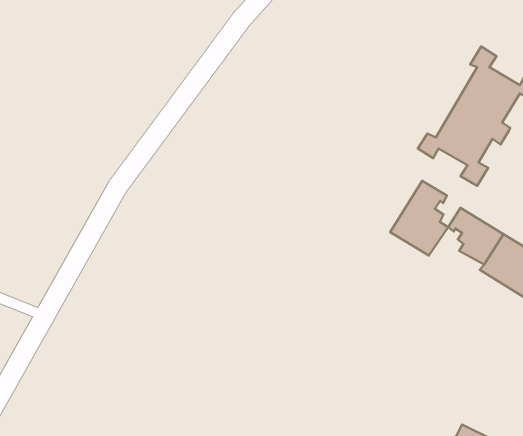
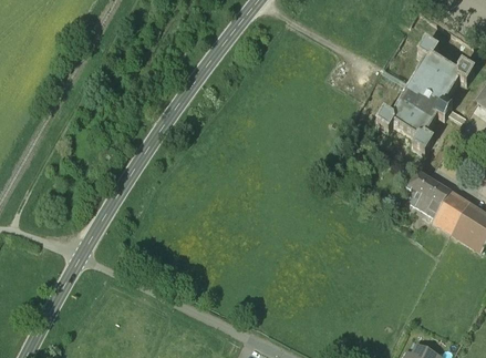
building: [390,181,448,255] -> none

